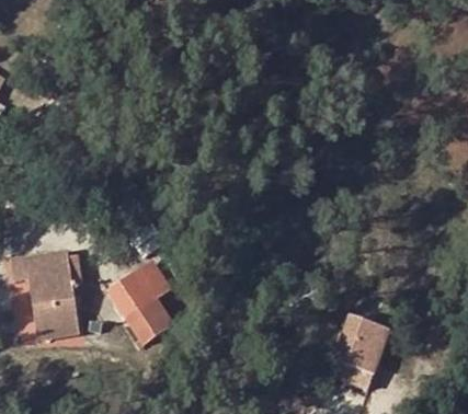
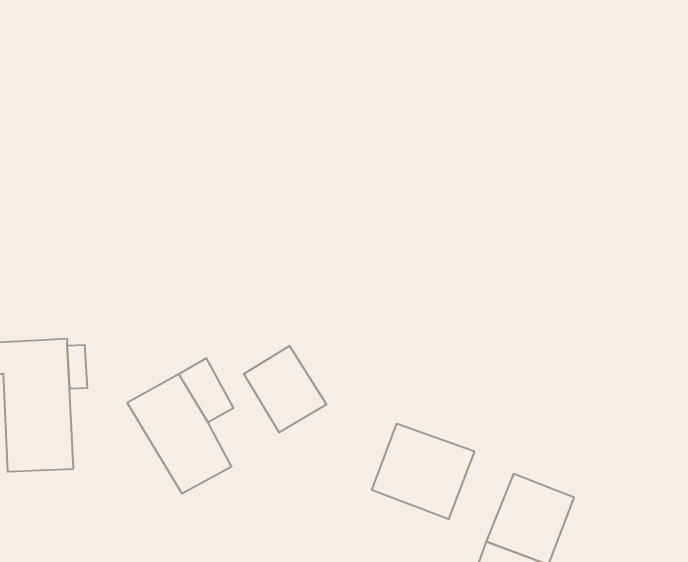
building: none -> [244,346,326,433]
building: none -> [372,424,475,519]

